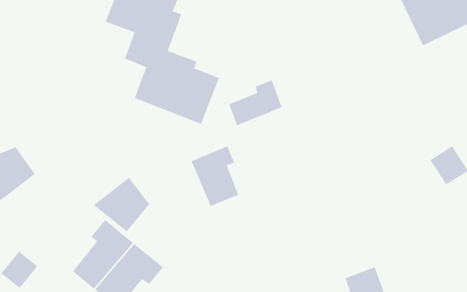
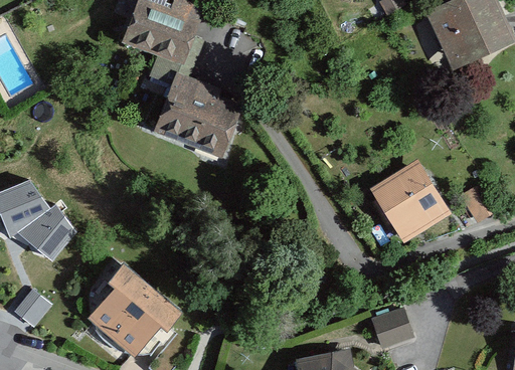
building: [229,80,282,126] -> none
building: none -> [369,156,450,239]
building: [191,145,239,207] -> none
building: [93,177,150,232] -> [16,206,75,263]

